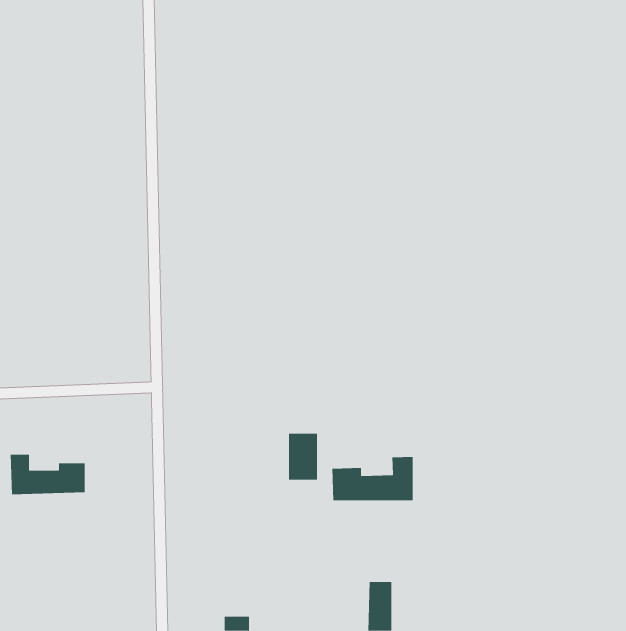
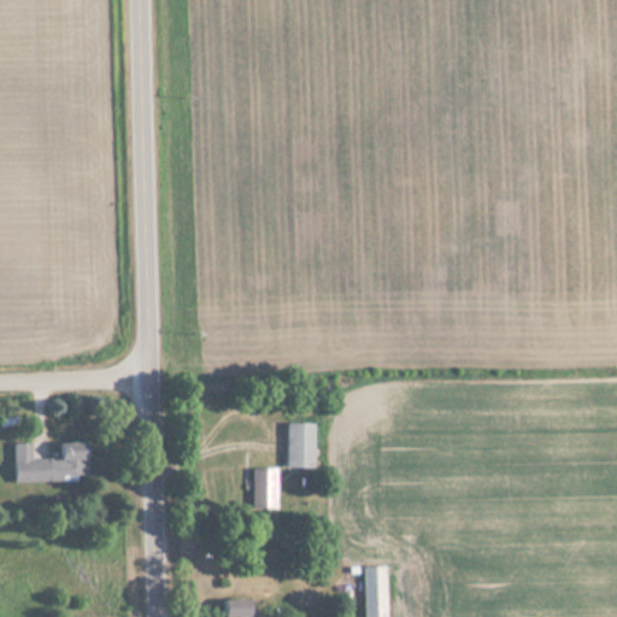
building: [332,456,413,501] -> none
building: none -> [254,468,278,509]

